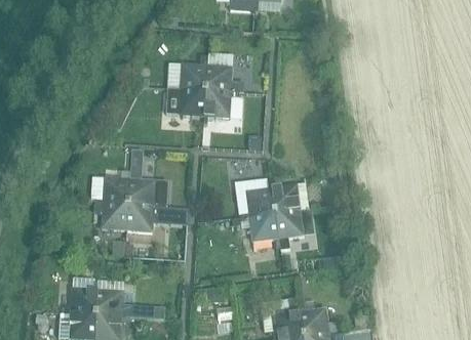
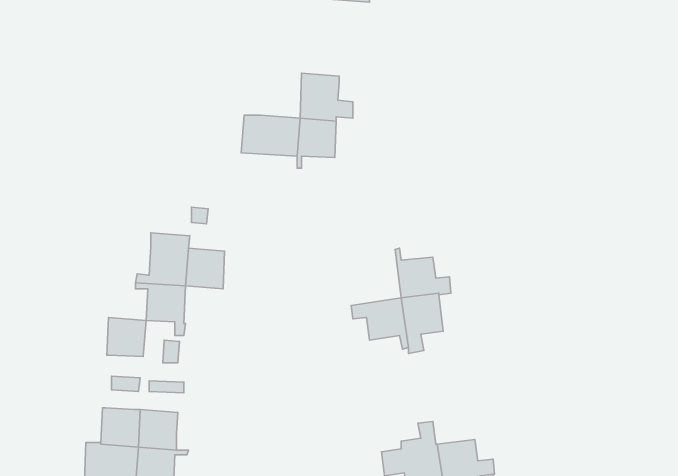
building: [180,55,208,91] -> none
building: [240,180,275,218] -> none
building: [127,205,154,231] -> [107,317,146,357]

